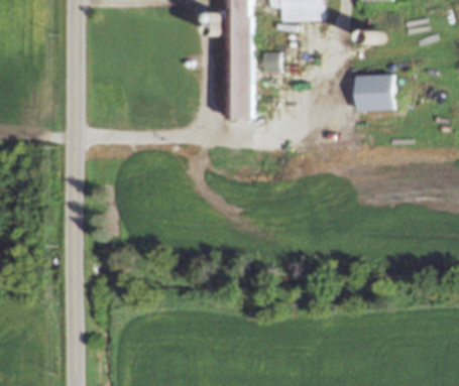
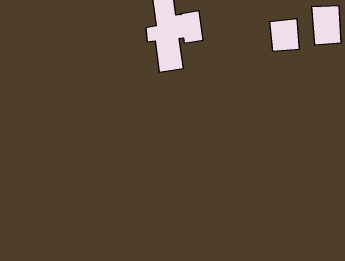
building: none -> [312,6,341,45]

